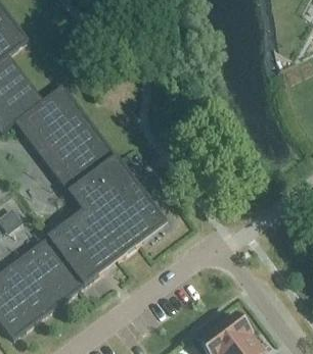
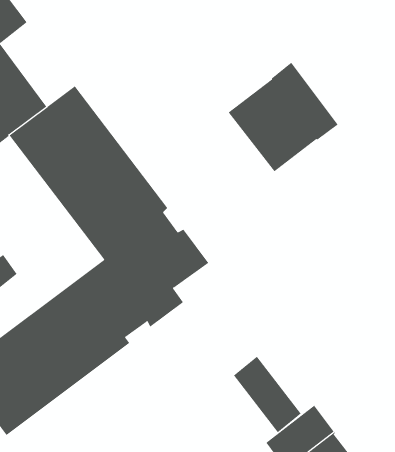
building: none -> [228,62,339,172]
building: none -> [233,356,302,433]

